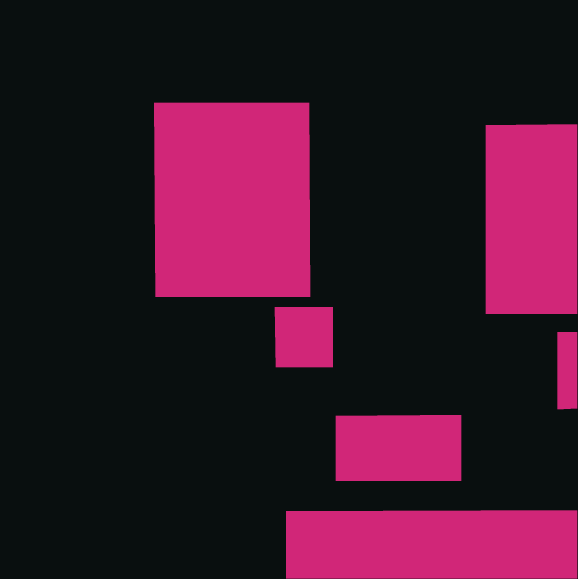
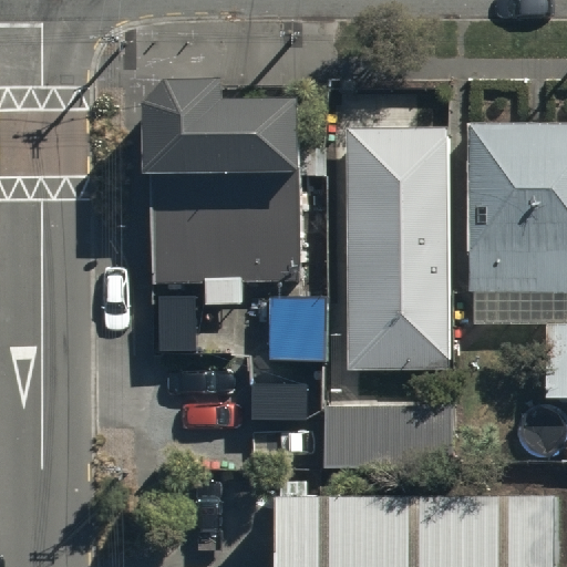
building: none -> [347,134,447,358]

